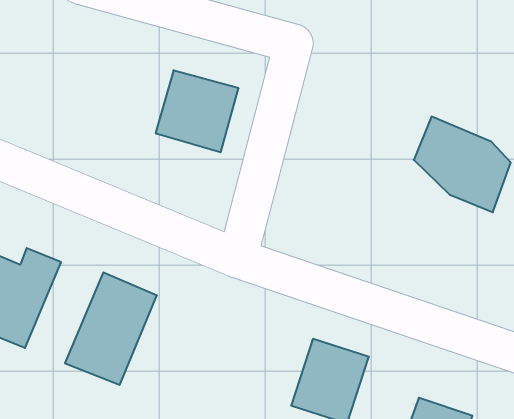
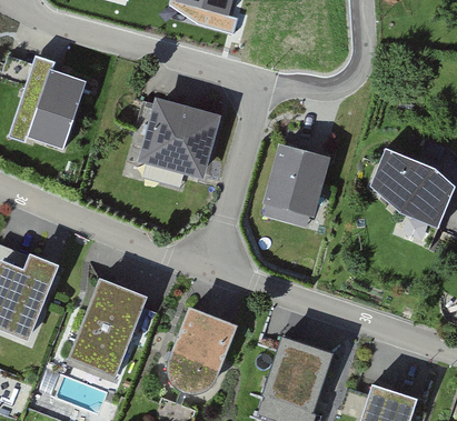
building: none -> [23,63,87,150]
building: none -> [267,147,325,213]
building: none -> [166,311,231,392]

